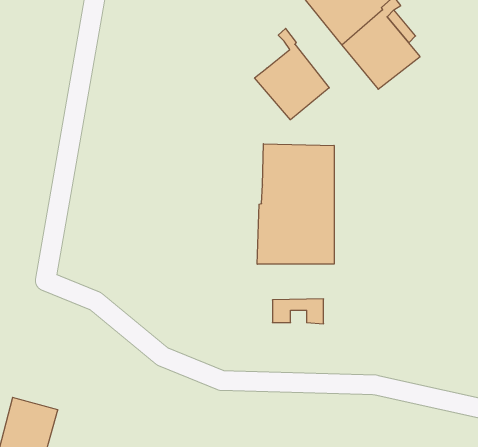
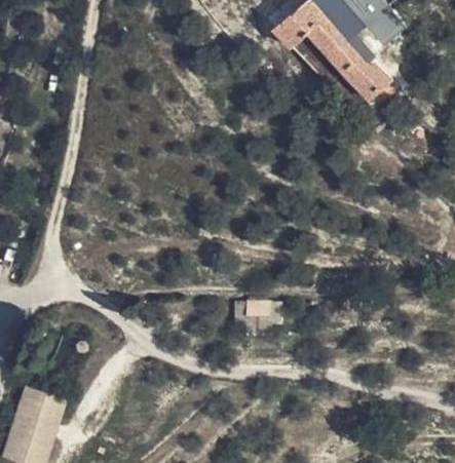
building: [255,28,329,120] -> none
building: [257,144,334,264] -> none

